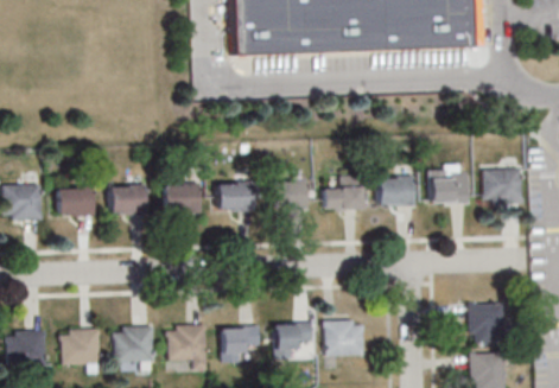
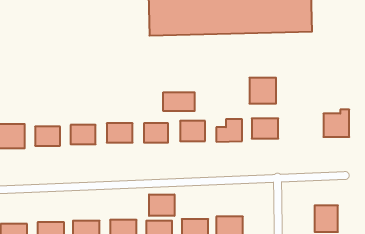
building: none -> [163,92,195,111]
building: [430,165,469,203] -> [249,78,276,104]
building: none -> [149,194,174,216]

